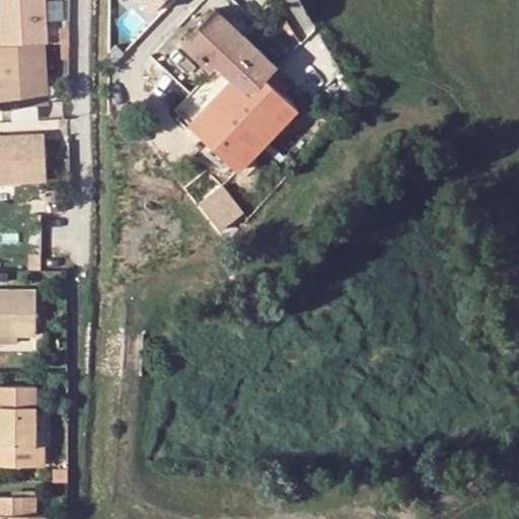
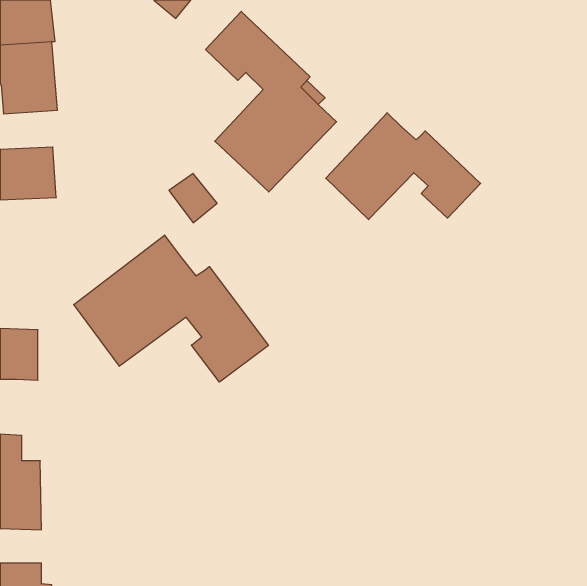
building: none -> [326,113,481,220]
building: [198,188,240,231] -> [169,173,217,223]
building: none -> [74,235,268,382]

